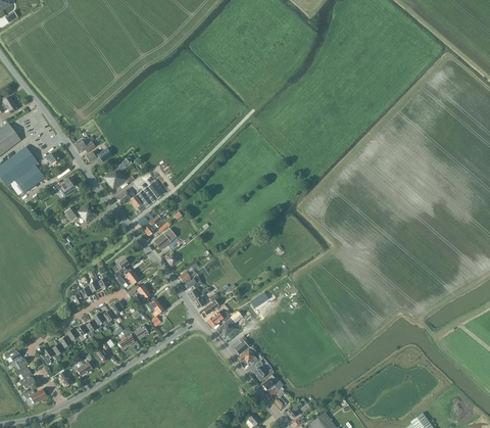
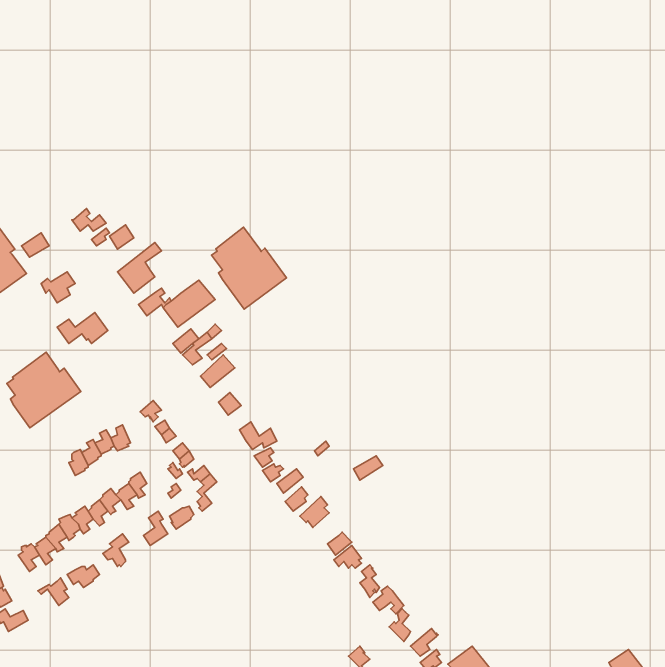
building: none -> [212,227,286,309]
building: none -> [7,352,81,428]

